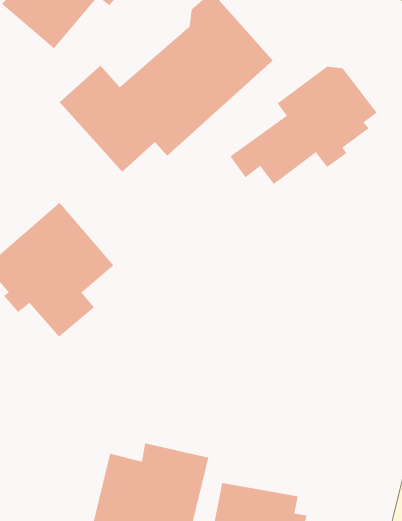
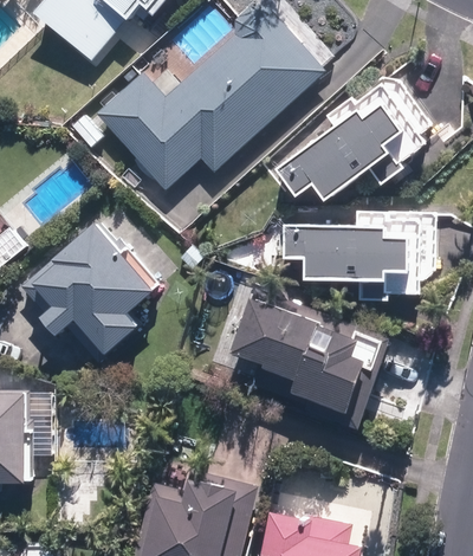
building: none -> [281,213,433,299]
building: none -> [228,287,388,427]

